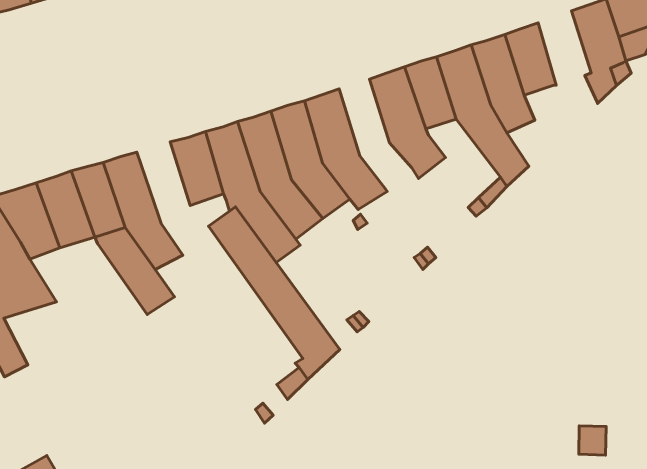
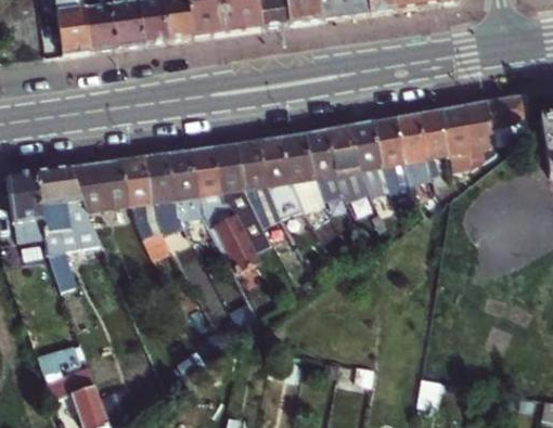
building: none -> [441,106,472,173]
building: none -> [306,130,345,203]
building: none -> [168,151,197,197]

